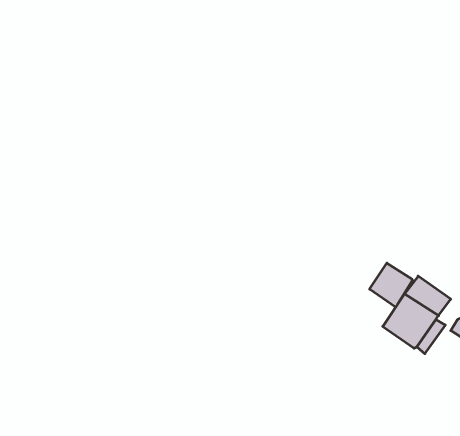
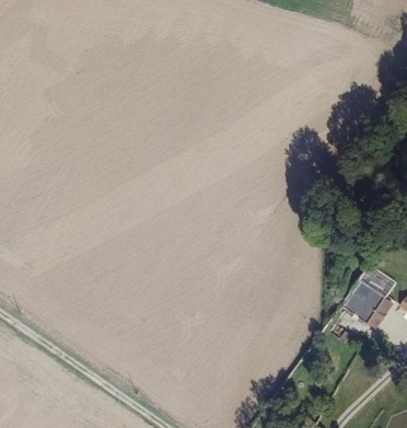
building: [370,263,412,307] -> none

